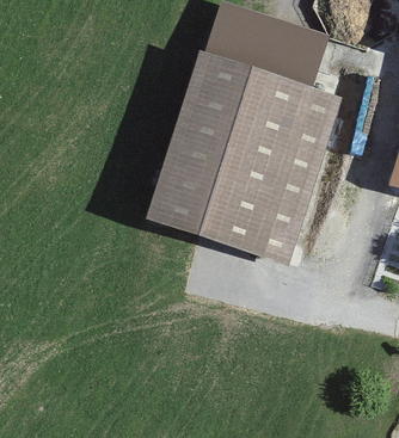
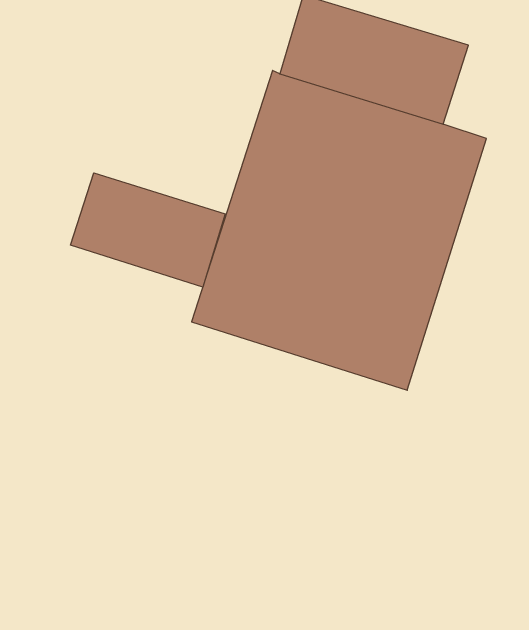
building: none -> [71,173,225,287]

